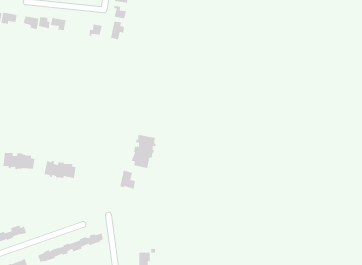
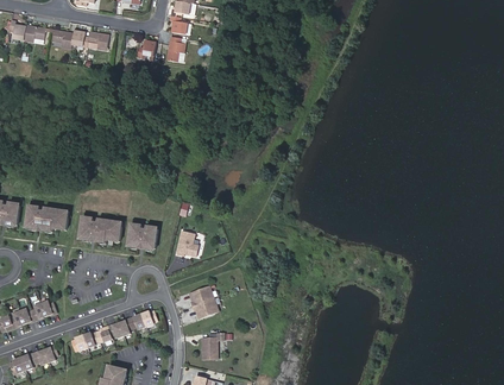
building: [130,134,156,169] -> none
building: none -> [127,225,157,248]
building: none -> [188,285,218,318]

